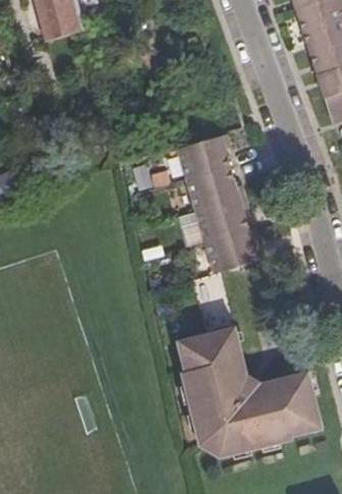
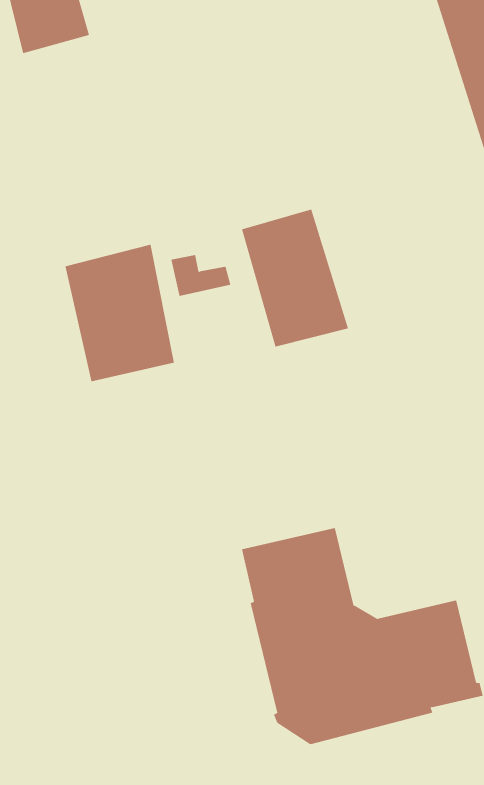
building: none -> [65,244,175,382]
building: [197,207,257,273] -> none

